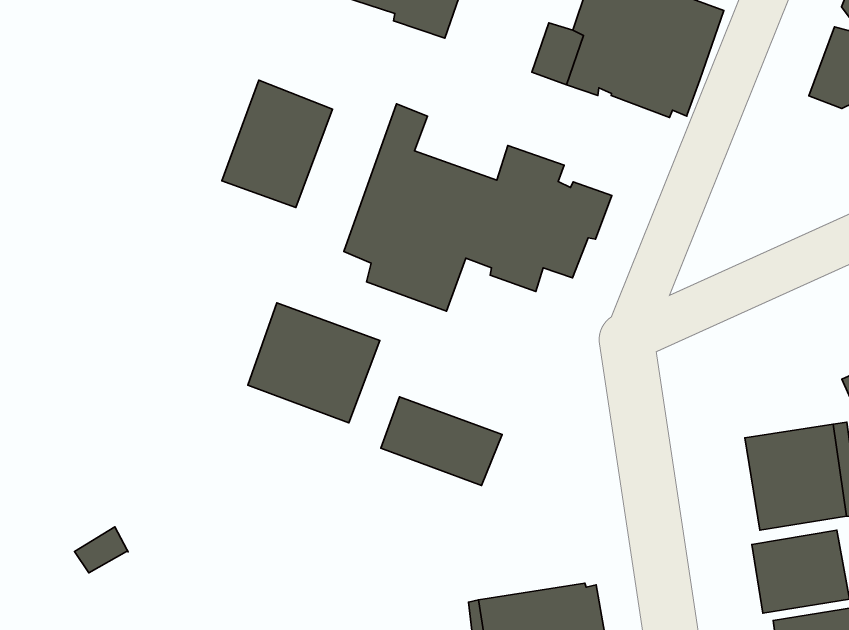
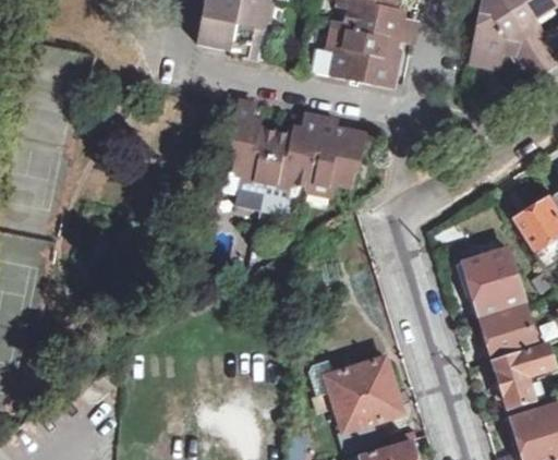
building: [222,80,332,208] -> none
building: [248,303,380,423] -> none
building: [381,397,502,485] -> none

